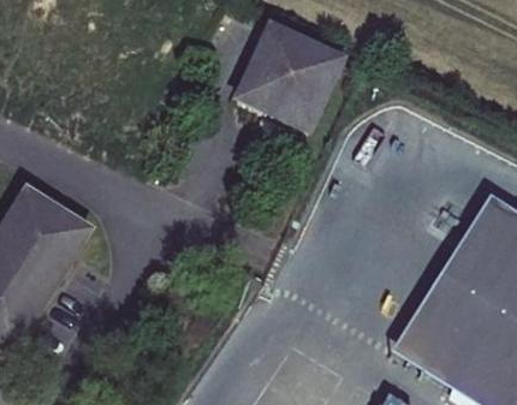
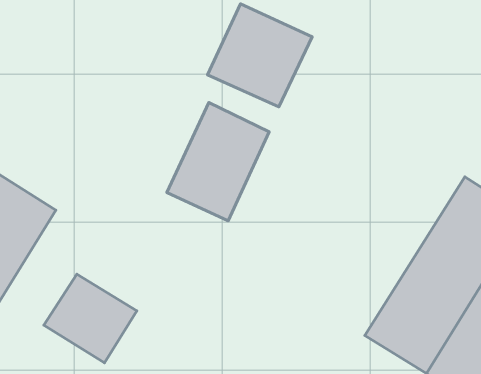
building: none -> [167,102,269,221]
building: none -> [44,274,137,363]

